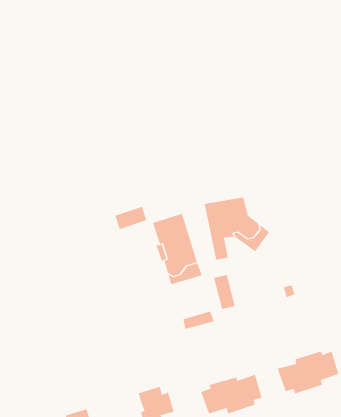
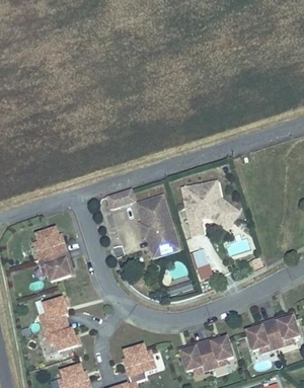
building: none -> [35,228,72,281]
building: none -> [41,297,82,351]

